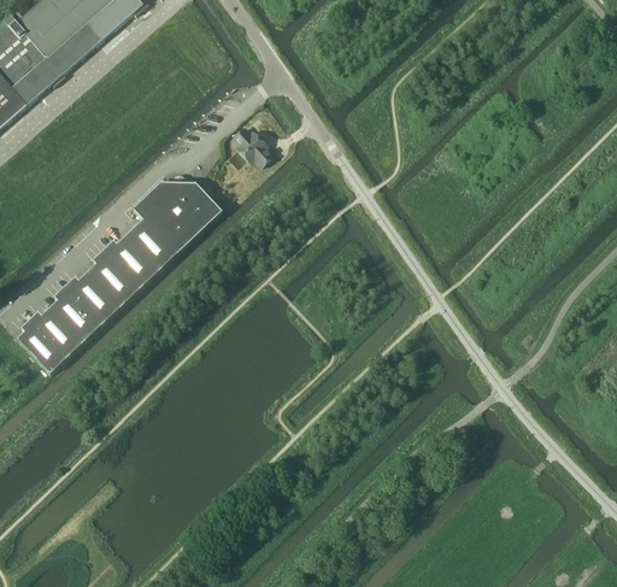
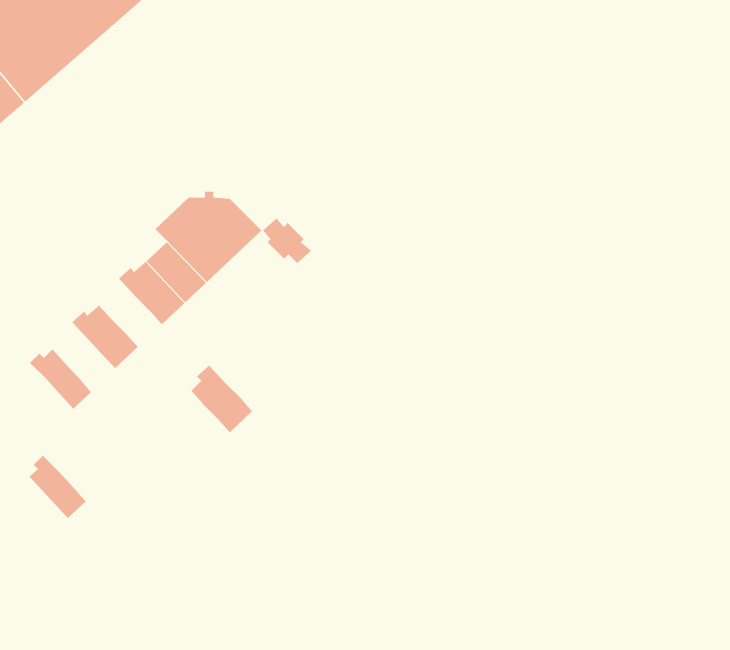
building: [233,127,274,165] -> [262,217,312,264]
building: [88,250,140,306] -> [190,365,253,433]
building: [49,286,101,344] -> none
building: [18,319,66,372] -> [28,455,87,519]

